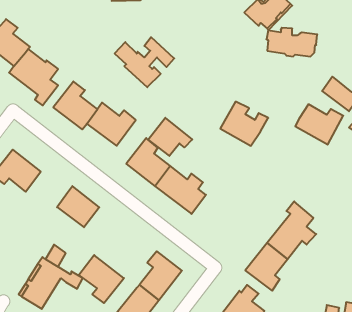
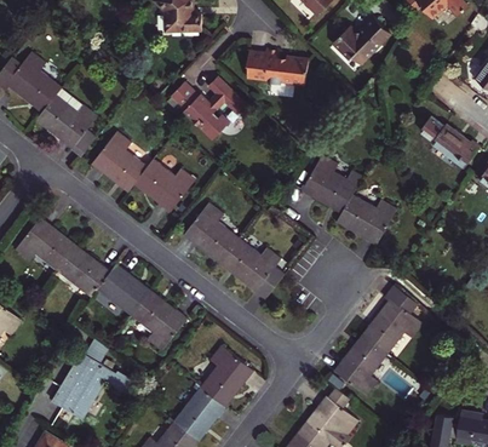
building: [266,28,317,56] -> [243,47,308,84]
building: [295,104,343,145] -> [335,194,396,245]
building: [148,118,192,156] -> none
building: none -> [56,245,109,297]
building: [79,255,124,303] -> [130,290,186,350]

